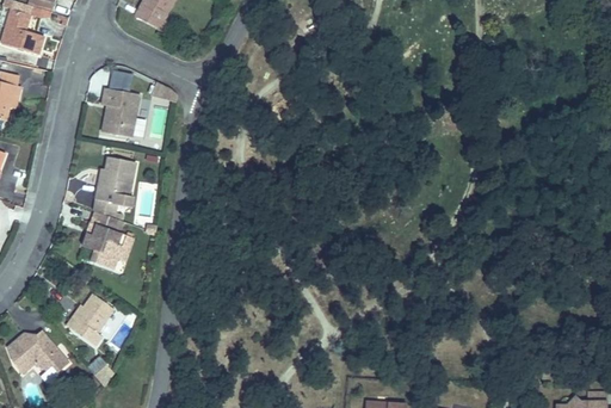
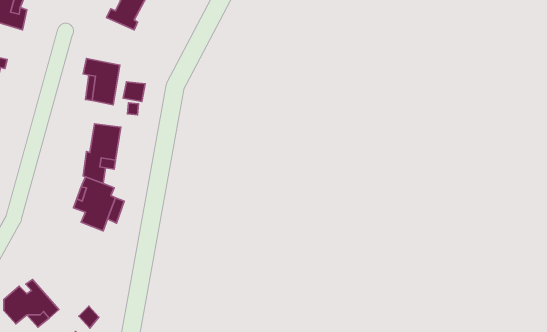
building: [67,284,116,336] -> none

